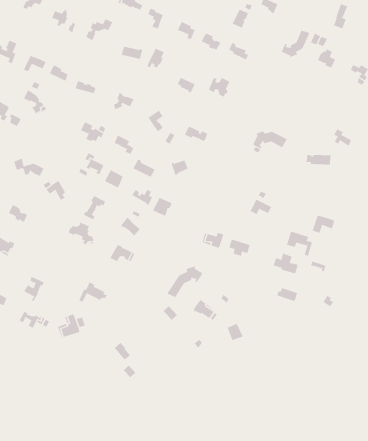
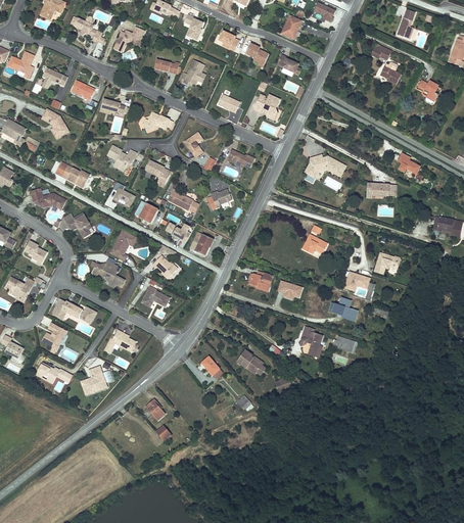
building: [281,30,310,58] -> none
building: none -> [55,161,89,185]
building: none -> [51,298,95,323]
building: [167,266,203,298] -> none
building: none -> [300,326,322,356]

